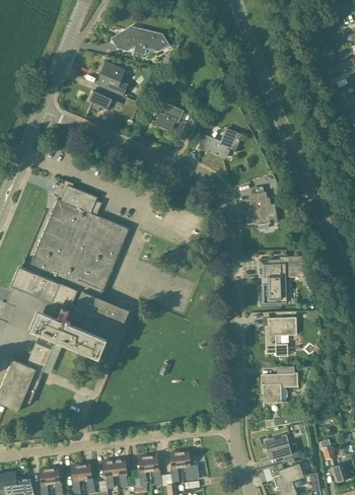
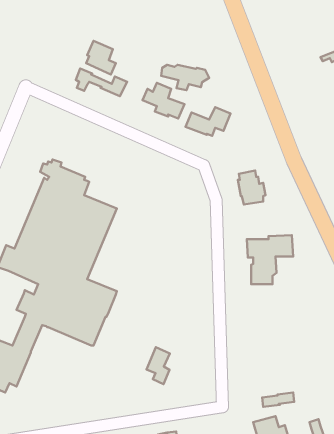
building: [119,29,166,55] -> [161,65,209,90]
building: [265,317,296,356] -> none
building: none -> [147,347,170,384]
building: [263,373,297,403] -> none

